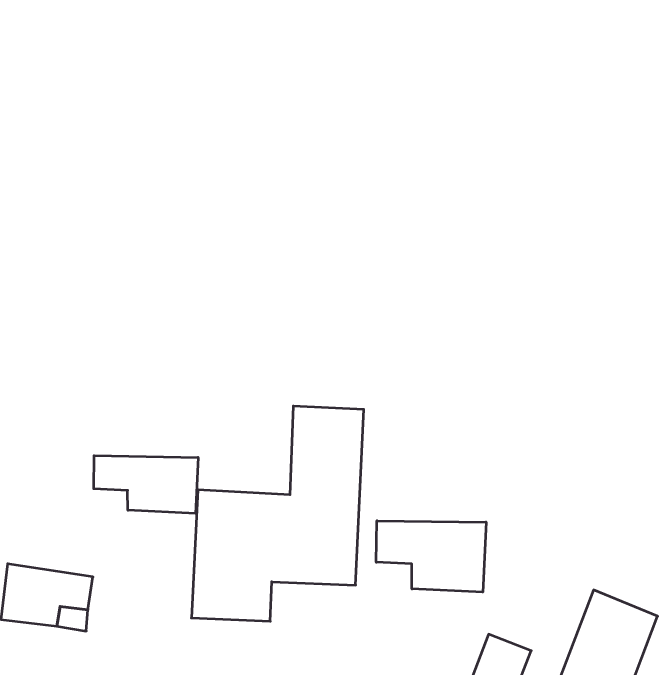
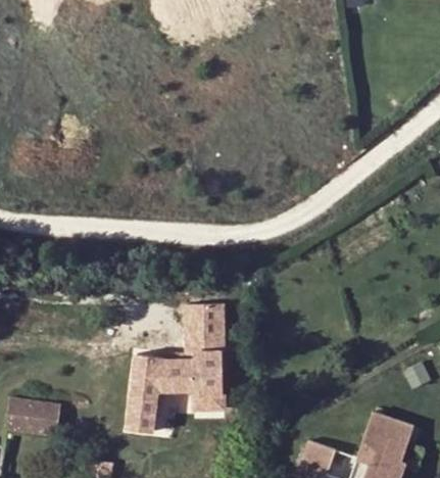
building: [94,456,198,513] -> none
building: [376,521,486,592] -> none

